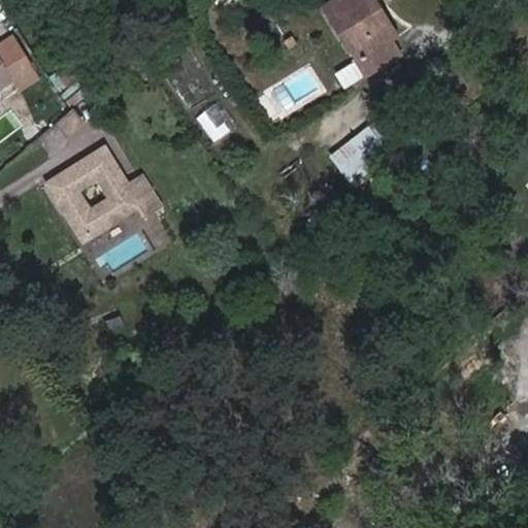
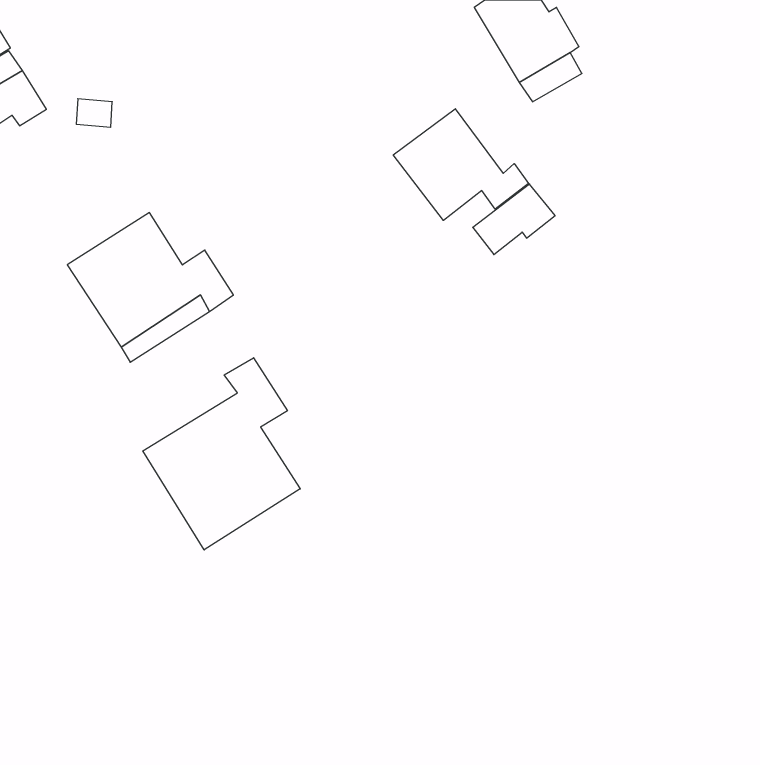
building: none -> [393,109,528,220]
building: none -> [143,358,300,550]

